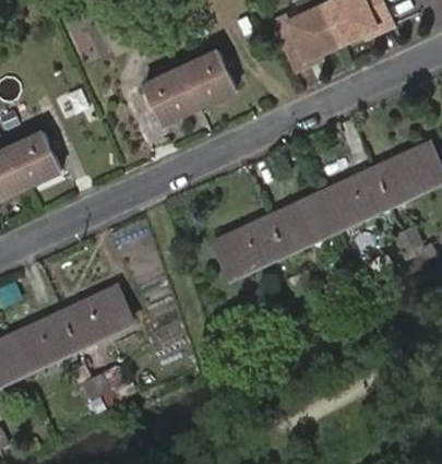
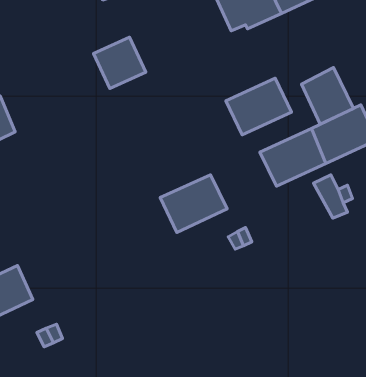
building: [182,51,237,106] -> none
building: none -> [302,67,353,124]
building: [268,191,338,251] -> [226,78,291,135]
building: [63,287,132,347] -> none

